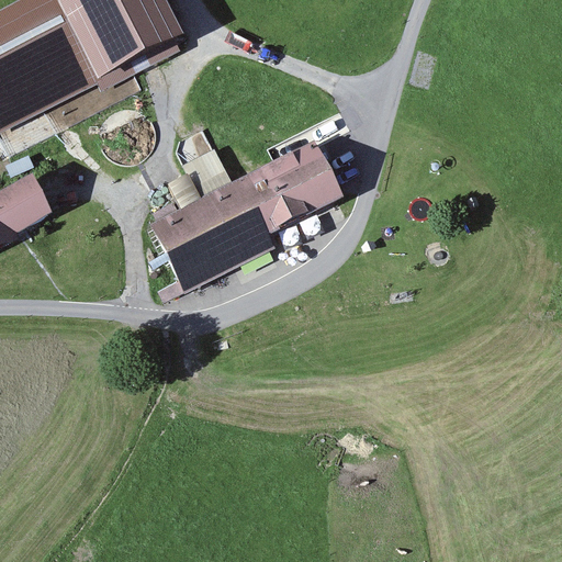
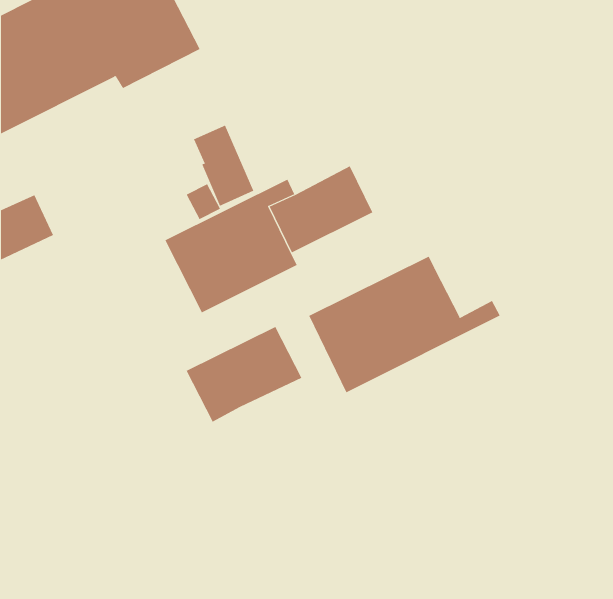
building: none -> [308,256,501,393]
building: none -> [186,326,302,423]

